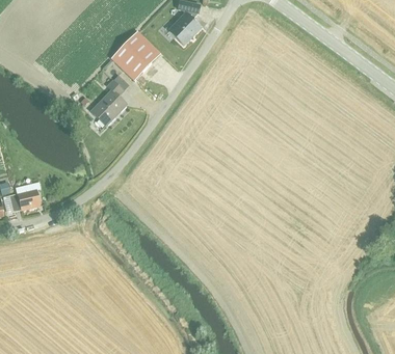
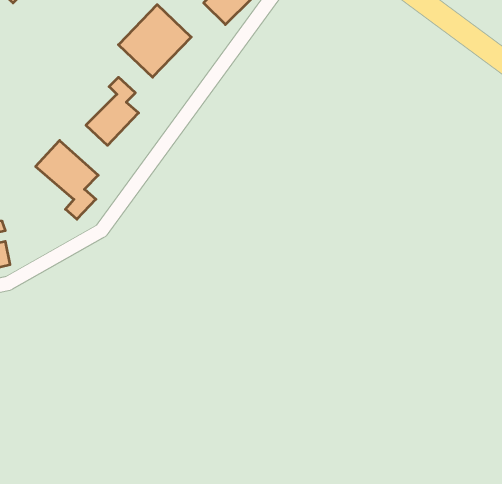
building: none -> [36,140,98,219]

